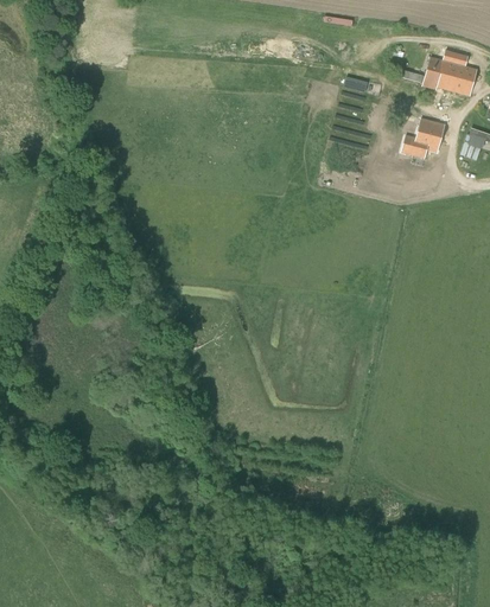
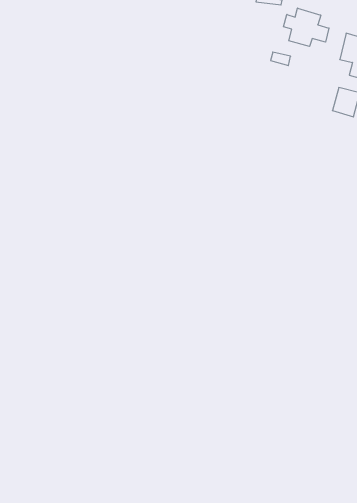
building: none -> [283,8,329,46]

